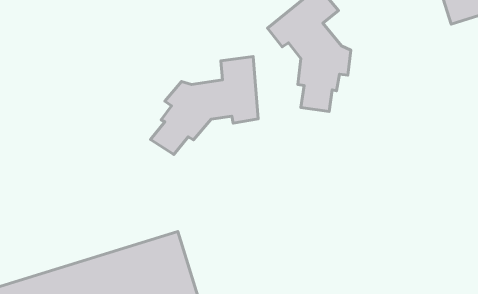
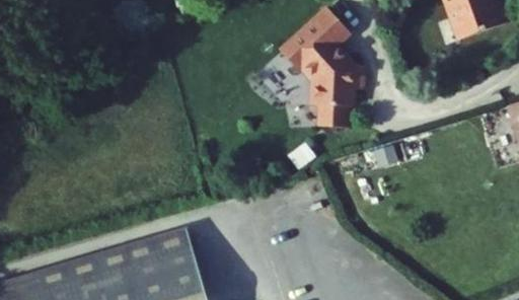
building: [150,56,258,154] -> none

